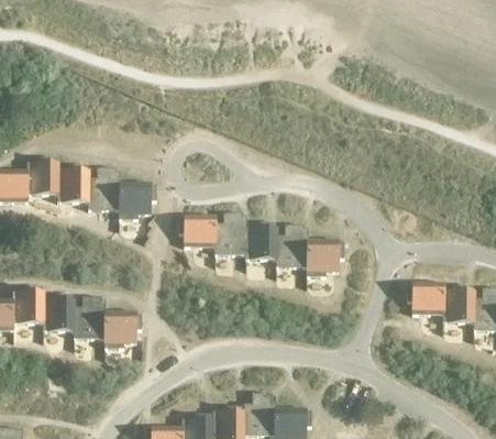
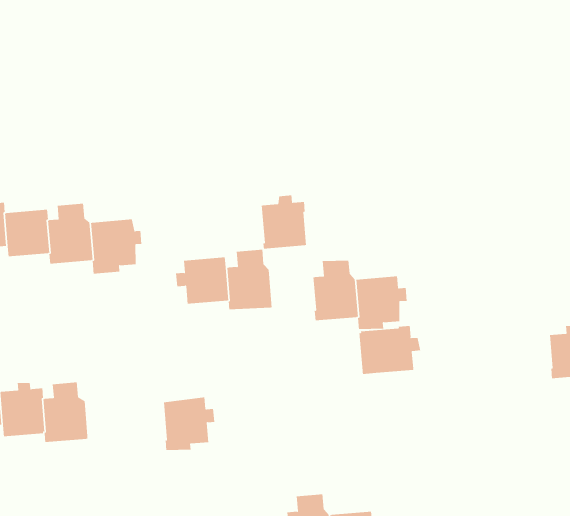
building: [245,221,278,259] -> [261,195,307,249]
building: none -> [359,325,421,375]
building: [407,282,444,315] -> none
building: [104,310,142,348] -> [163,397,215,451]

